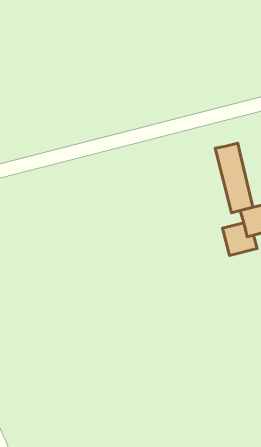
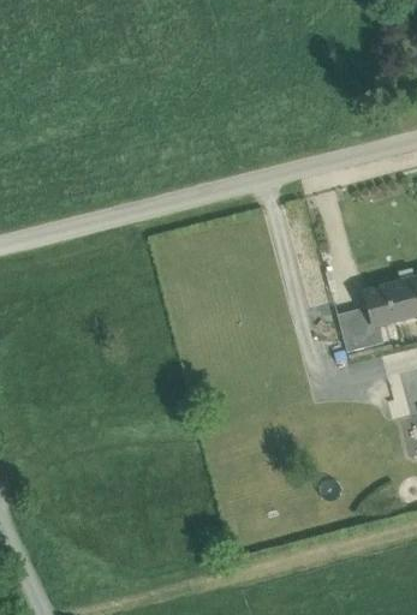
building: [215,143,253,213] -> none

